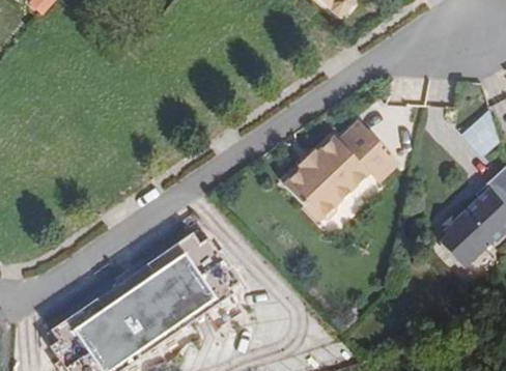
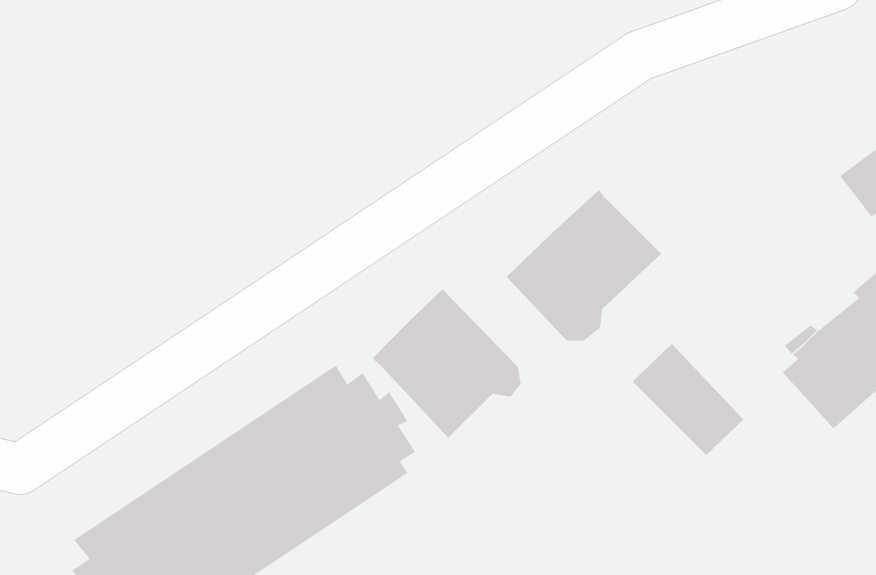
building: [340,120,401,181] -> [632,343,744,456]
building: none -> [372,289,521,439]

